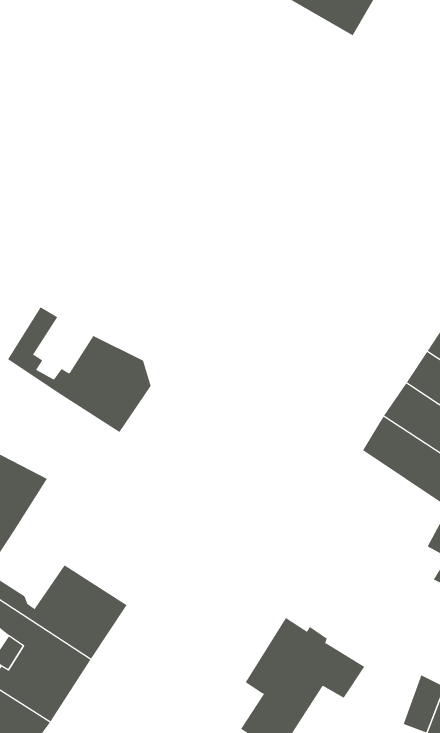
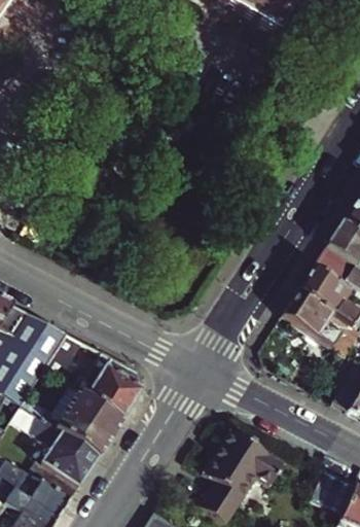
building: [7,306,151,433] -> [46,332,145,419]

